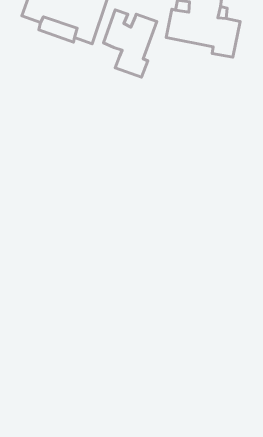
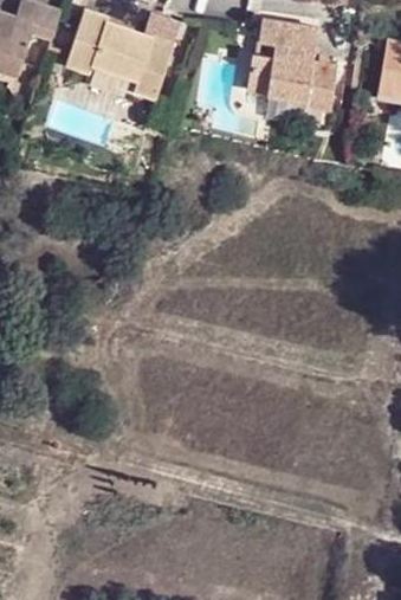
building: [103,10,157,77] -> none

